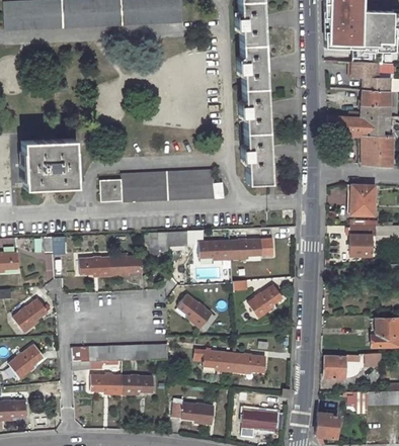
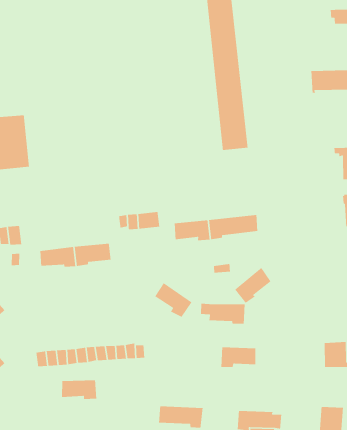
building: [101,169,227,201] -> none
building: [195,350,236,371] -> [200,303,245,324]
building: [124,375,155,393] -> none

